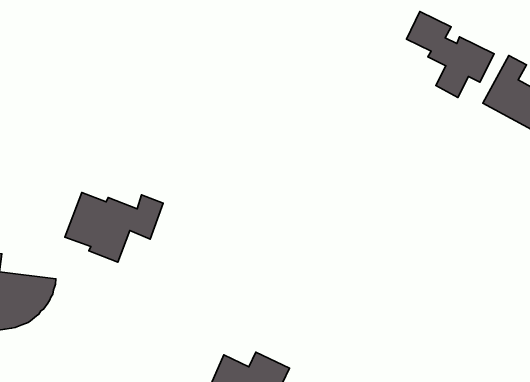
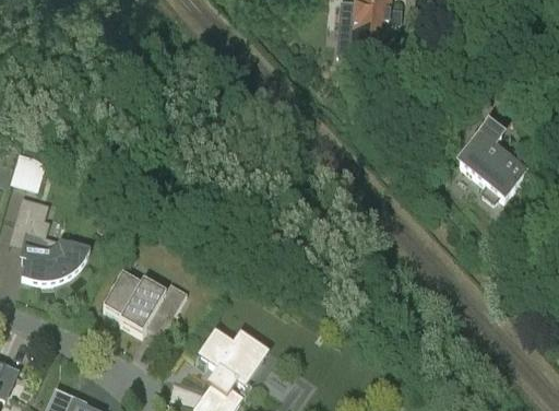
building: [407,12,494,97] -> none
building: [65,193,163,262] -> [104,271,188,332]

